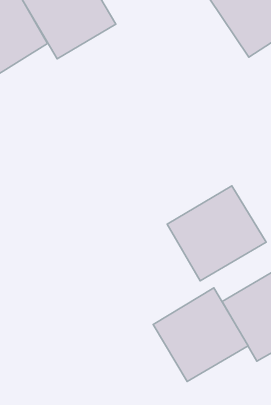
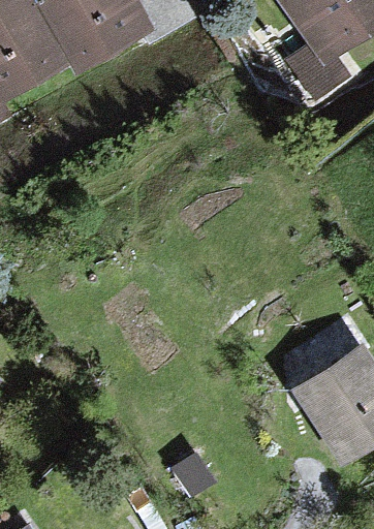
building: [167,186,266,281] -> none
building: [153,288,248,382] -> none

